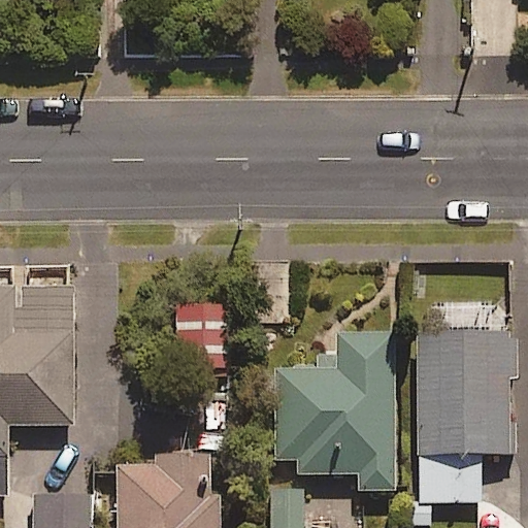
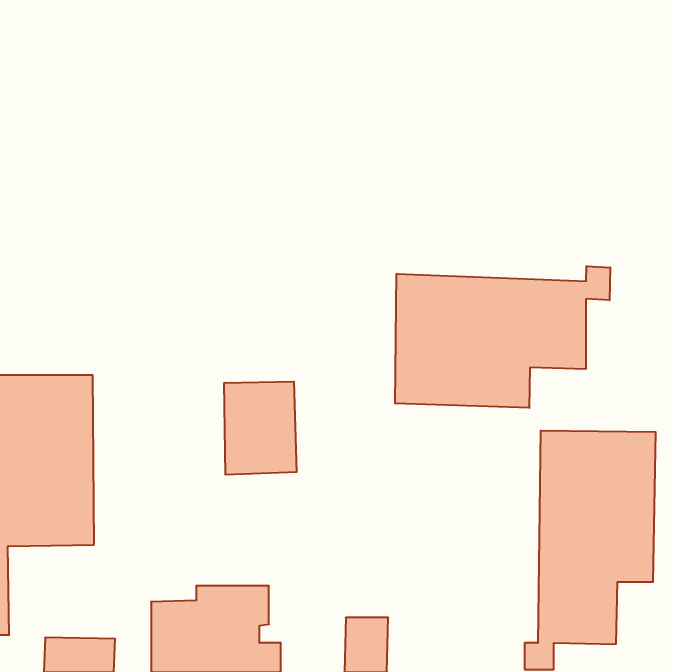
building: none -> [395,266,610,408]
building: [273,334,396,491] -> none

